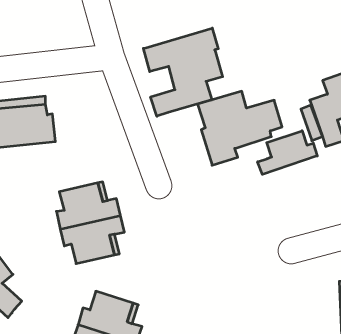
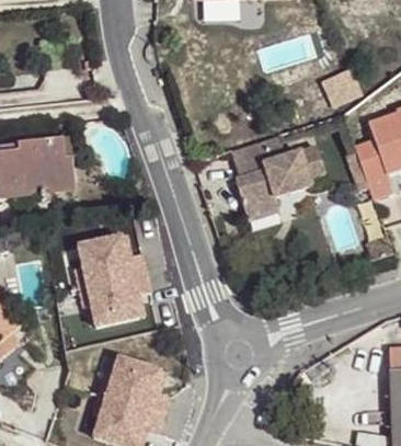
building: [143,28,223,116] -> none
building: none -> [326,66,367,105]
building: [258,131,317,174] -> none

